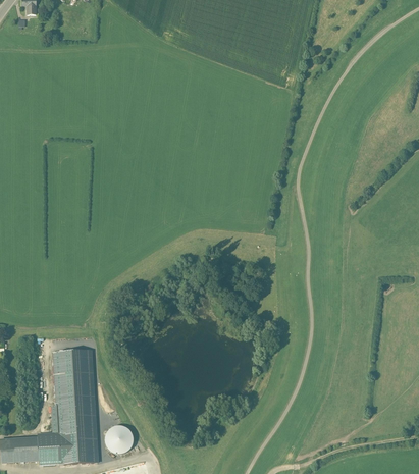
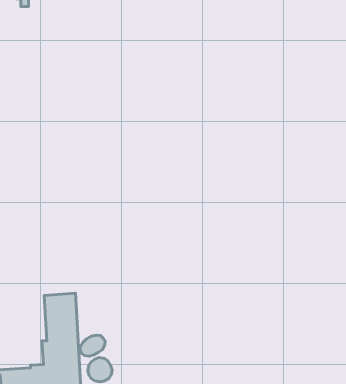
building: none -> [80,335,105,356]

